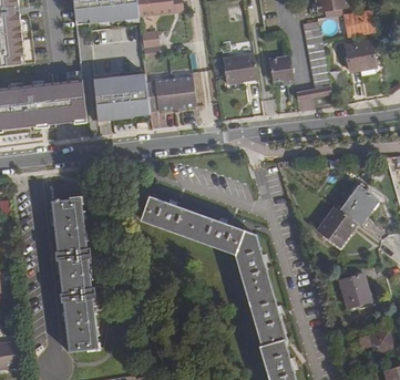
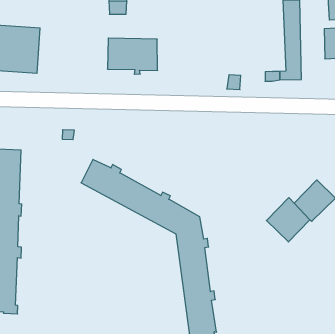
building: [222,53,257,83] -> none
building: [268,54,293,82] -> none
building: [94,73,150,119] -> none
building: [338,273,371,308] -> none

